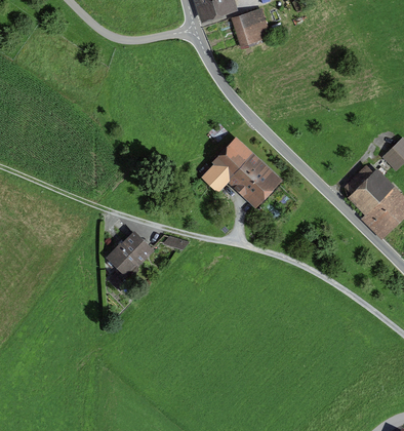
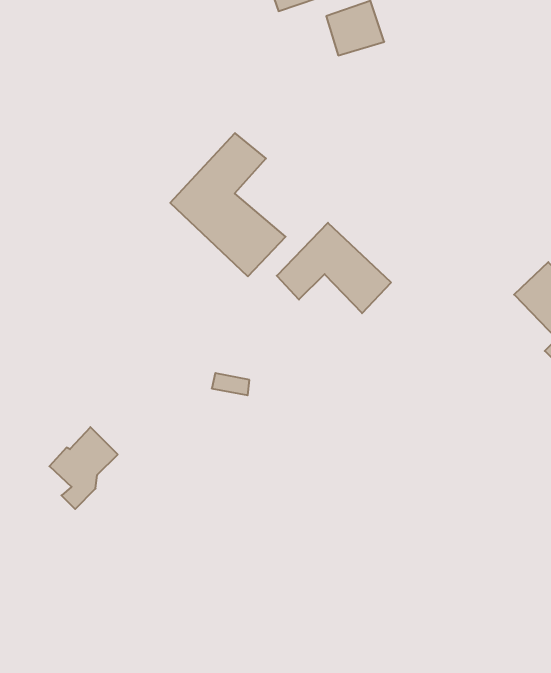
building: none -> [170,133,286,276]
building: [110,232,151,281] -> [49,427,118,509]

